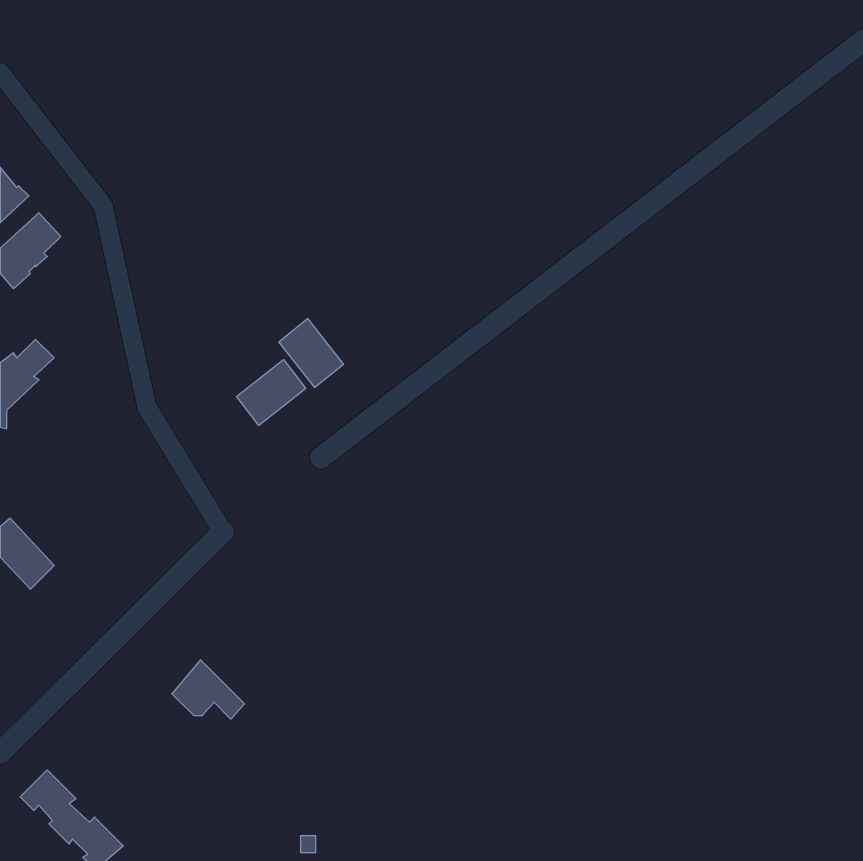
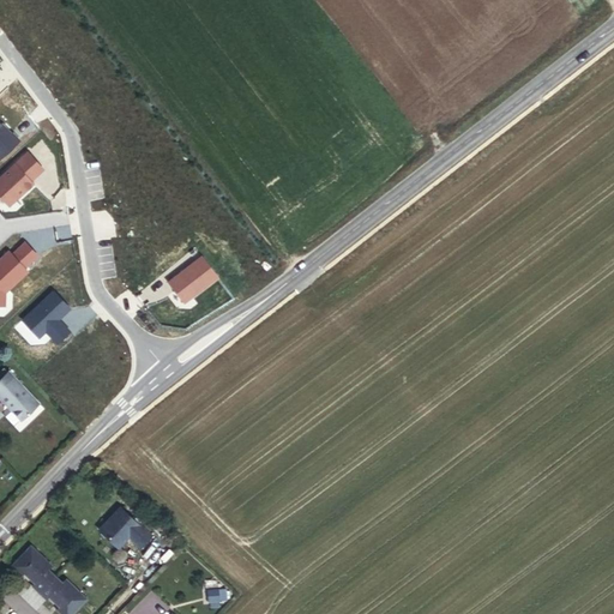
building: [279,319,344,388] -> none
building: none -> [23,291,70,343]
building: [172,660,244,719] -> [101,507,152,549]

